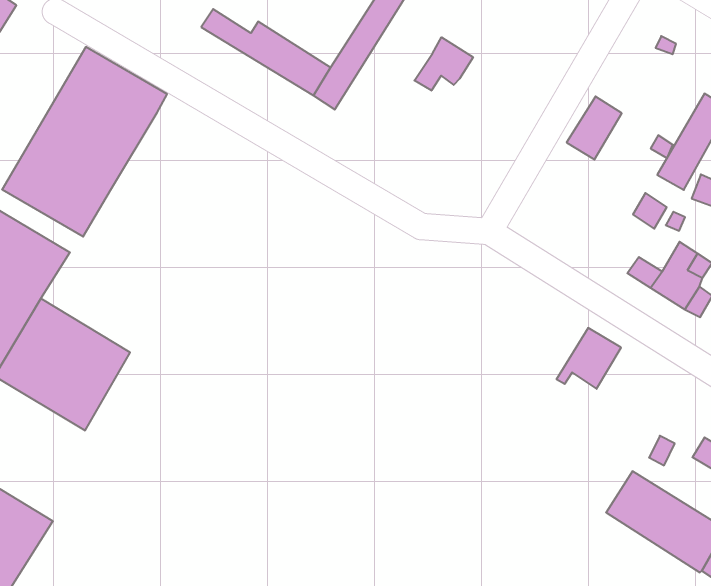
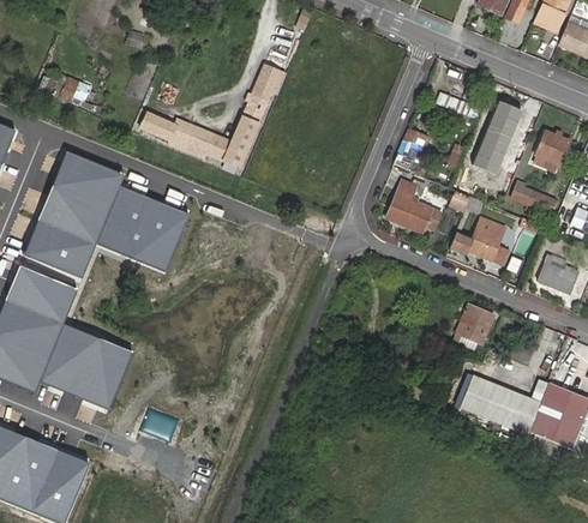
building: [414,37,473,91] -> none
building: none -> [97,186,186,269]
building: none -> [385,181,430,233]
building: [556,328,621,389] -> [451,305,491,344]

